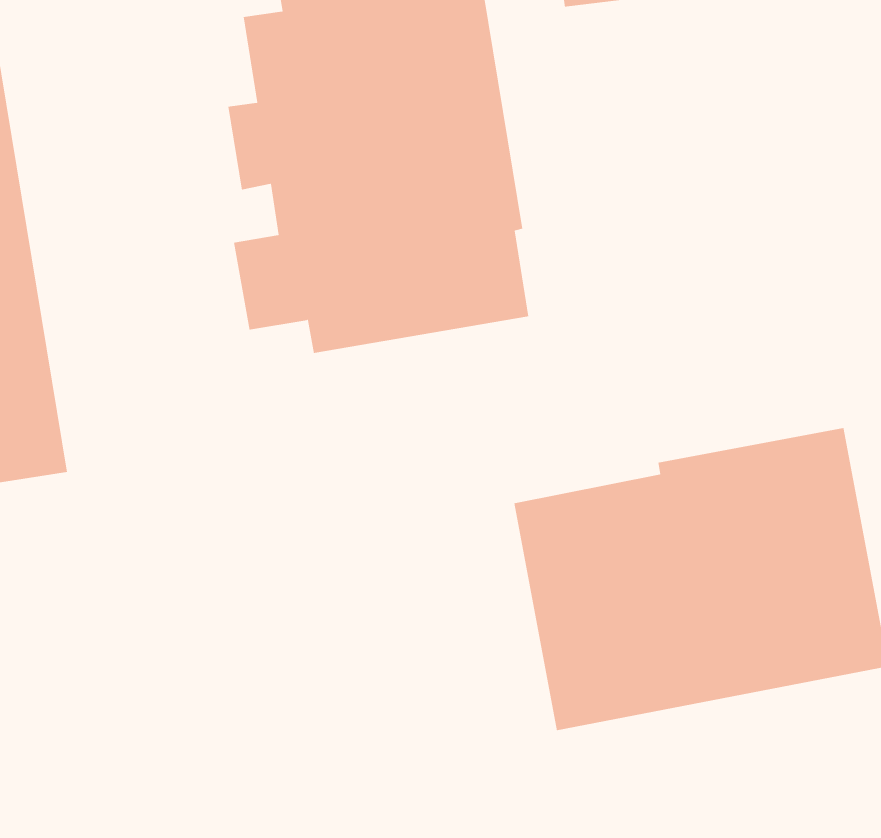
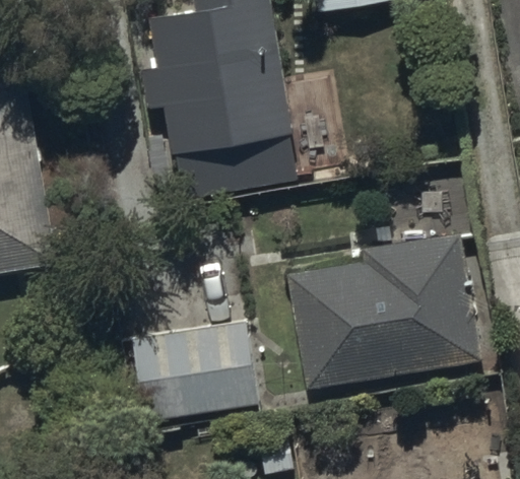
building: none -> [110,315,256,422]

